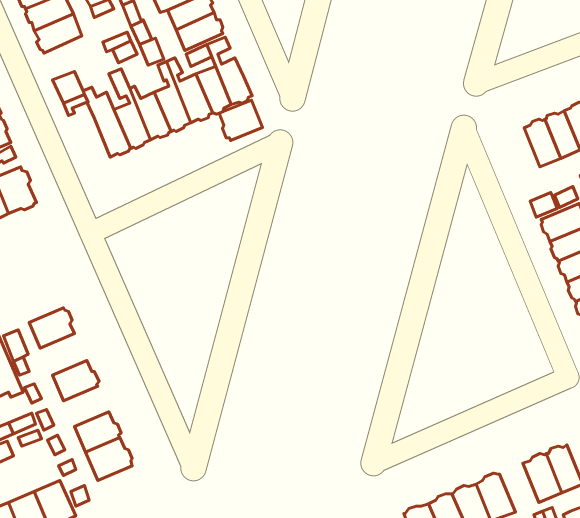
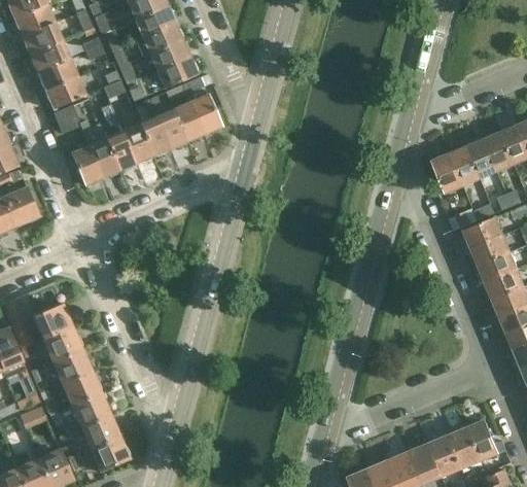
building: none -> [45,76,85,108]
building: [219,100,263,141] -> none
building: none -> [70,145,101,185]
building: none -> [432,153,462,194]
building: none -> [42,326,82,361]
building: none -> [62,371,101,405]
building: none -> [428,436,461,477]
building: none -> [91,438,129,471]

